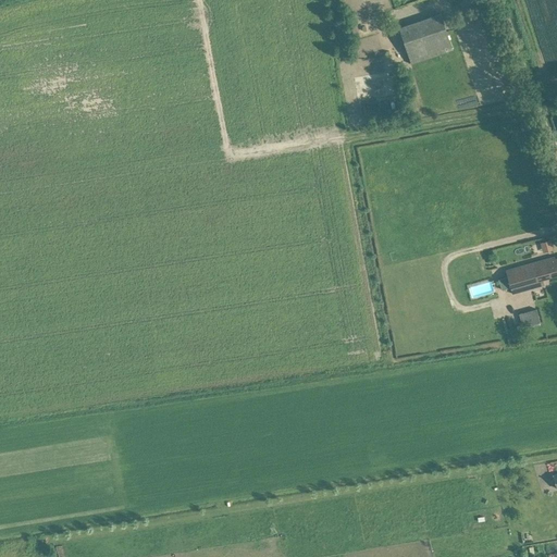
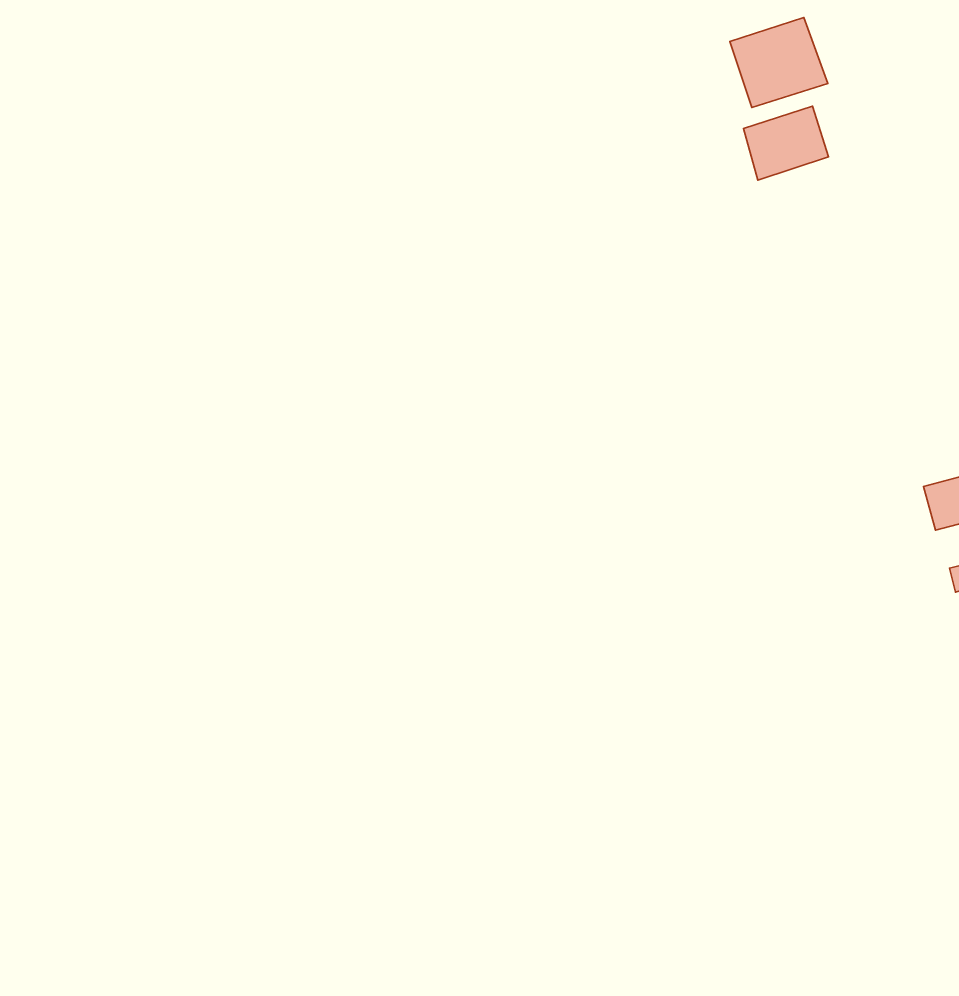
building: none -> [744,106,829,180]

